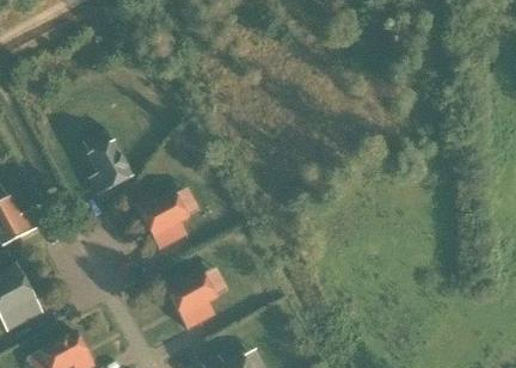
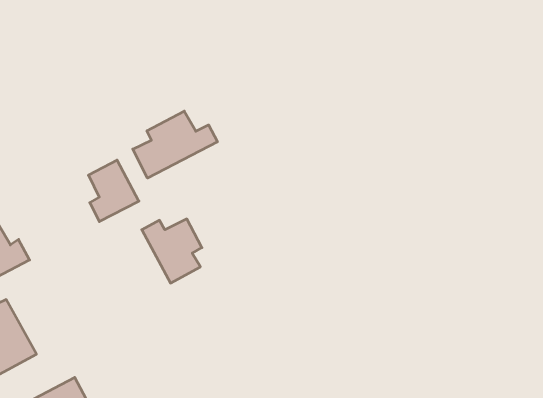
building: none -> [133,111,217,178]
building: [162,271,216,329] -> none

